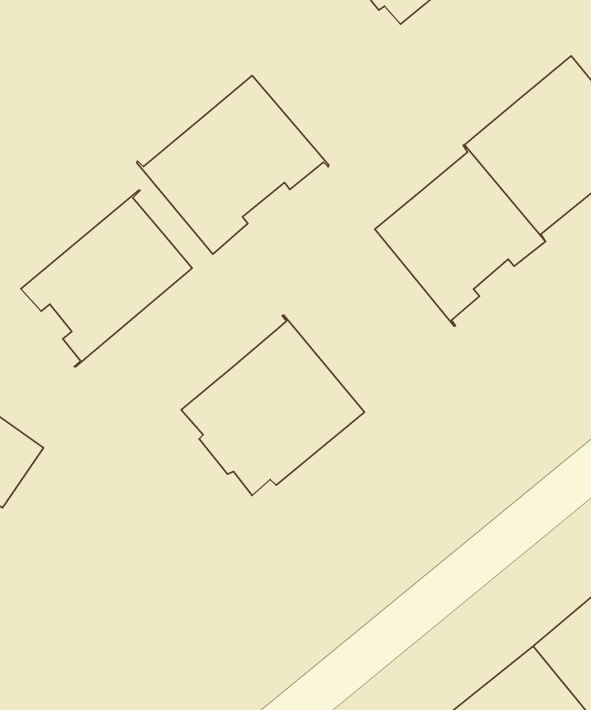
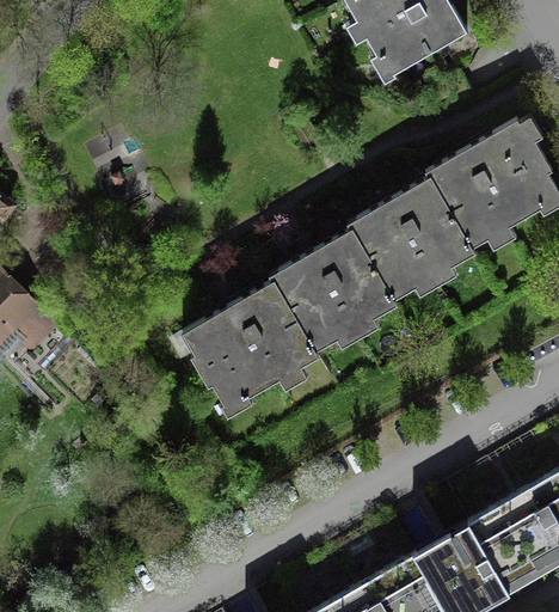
building: [137,76,329,254] -> none
building: [21,190,192,367] -> none
building: none -> [270,225,395,360]

